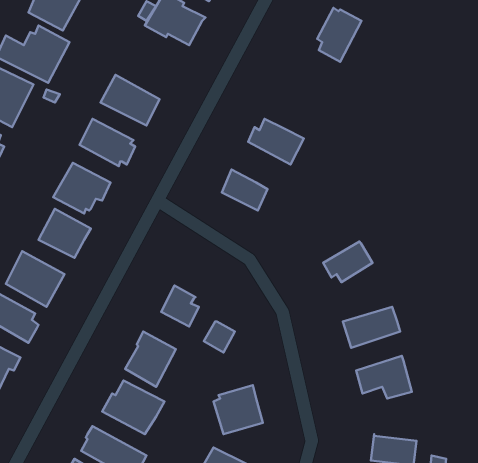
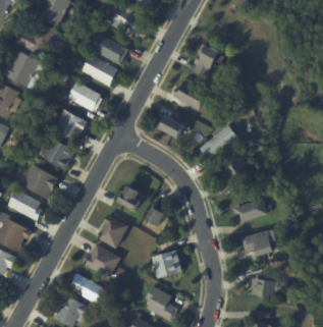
building: [317,8,361,62] -> [192,42,219,75]
building: none -> [88,32,127,64]
building: none -> [199,123,239,162]

